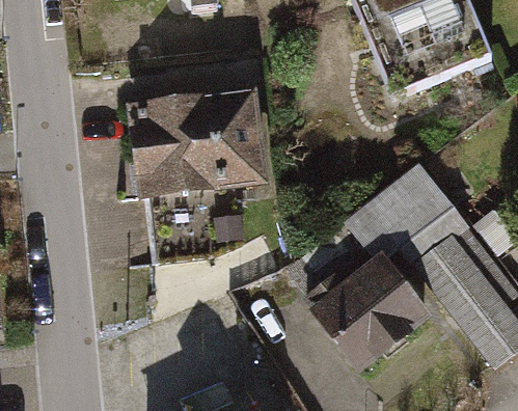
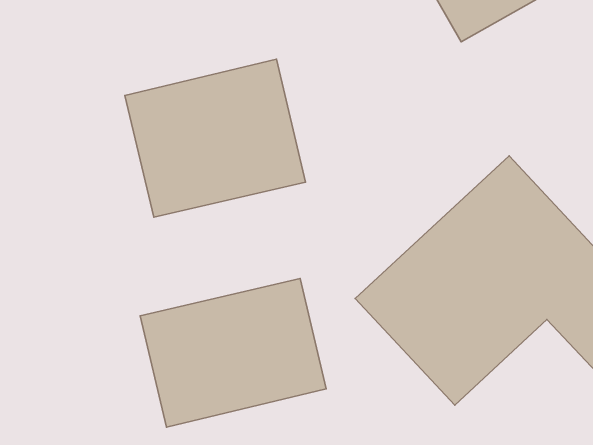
building: none -> [140,278,326,427]

